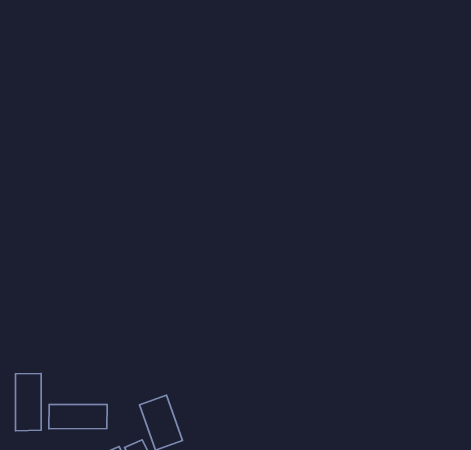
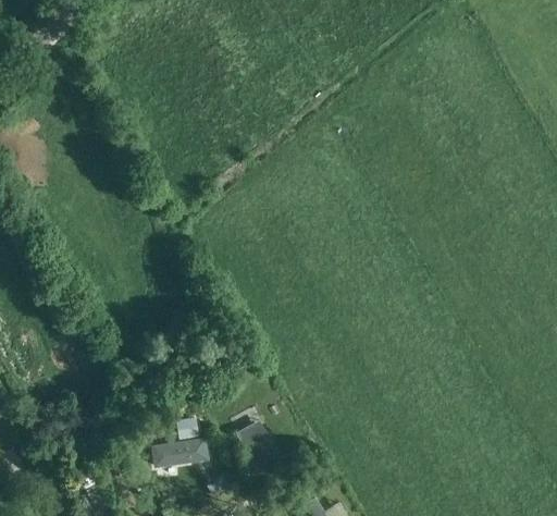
building: [15,373,41,431] -> none

